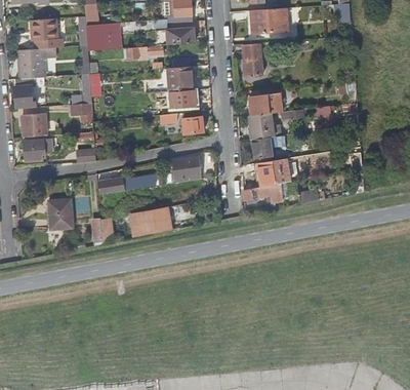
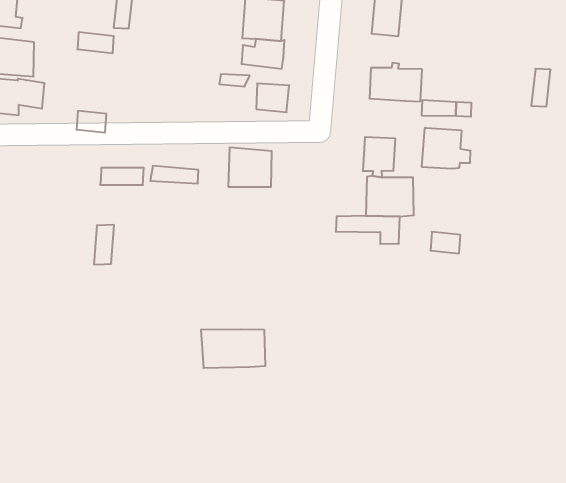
building: [249,114,280,140] -> [422,128,471,168]
building: [47,199,71,230] -> none
building: [127,207,169,236] -> [201,329,265,368]

